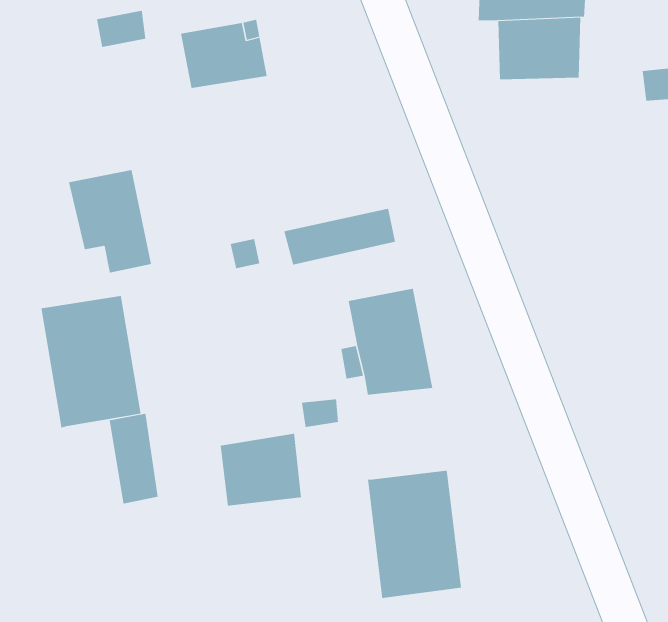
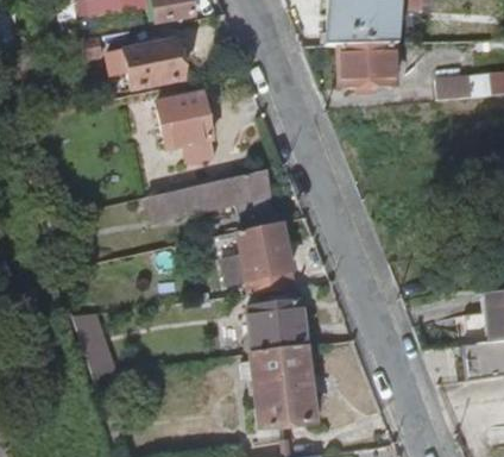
building: [68,170,152,273] -> [164,106,220,175]
building: [41,295,141,428] -> none
building: [220,433,302,506] -> [251,301,305,350]

